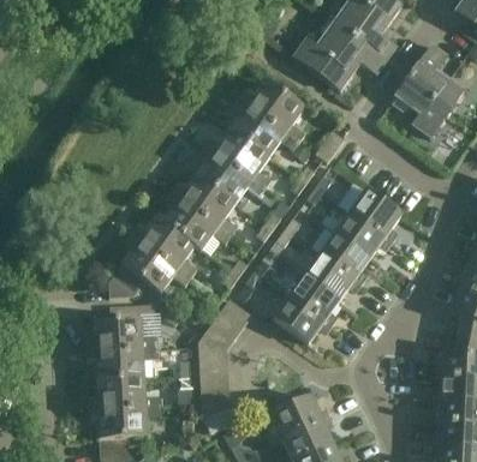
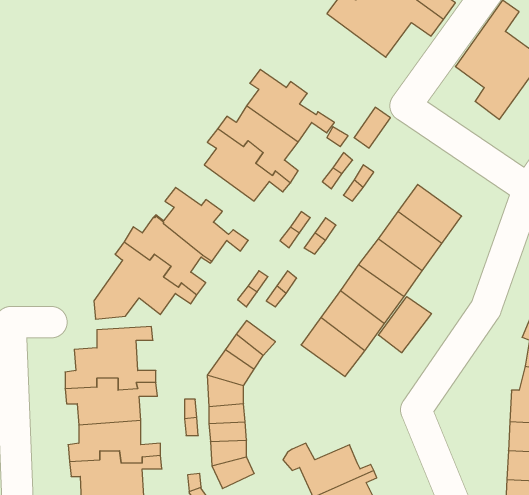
building: [240,79,304,140] -> none
building: [173,174,237,234] -> none
building: none -> [378,297,431,353]

